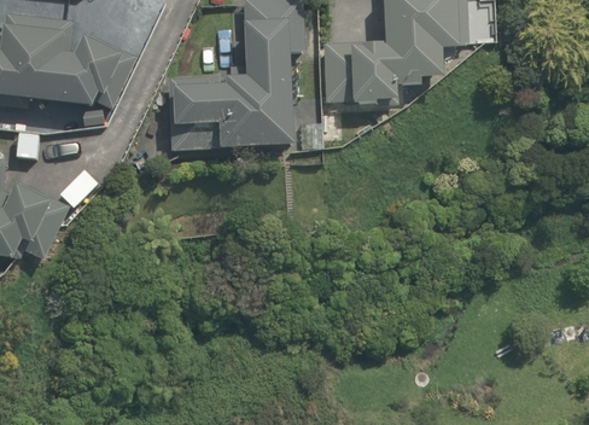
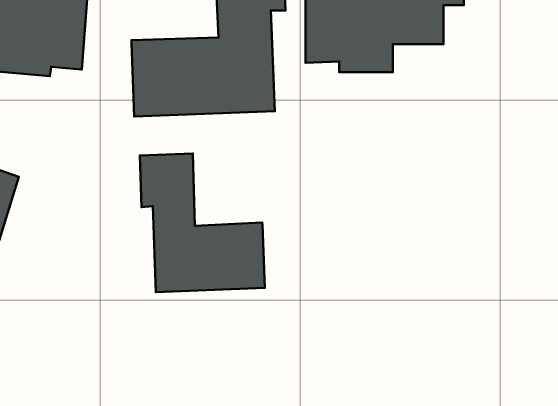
building: none -> [140,154,265,292]

